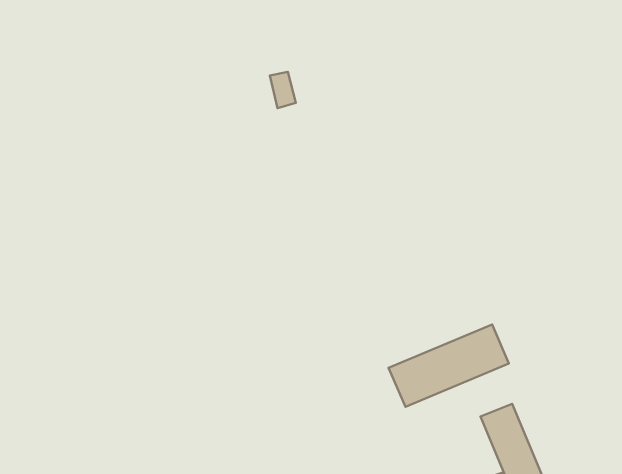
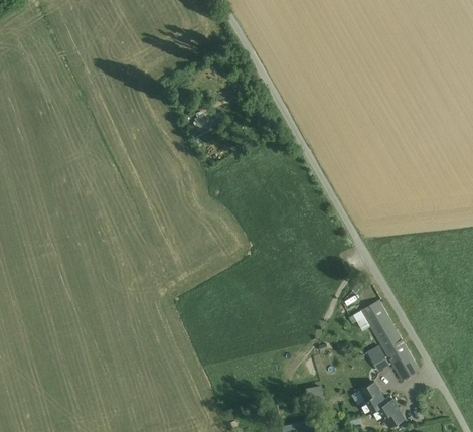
building: [389,325,509,407] -> none

